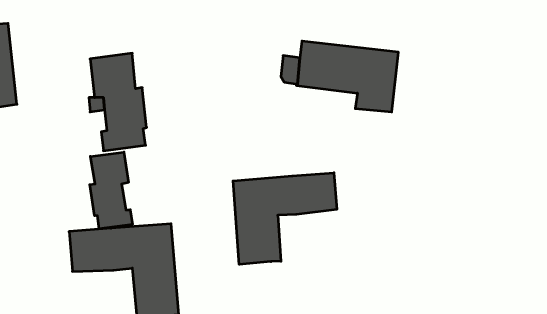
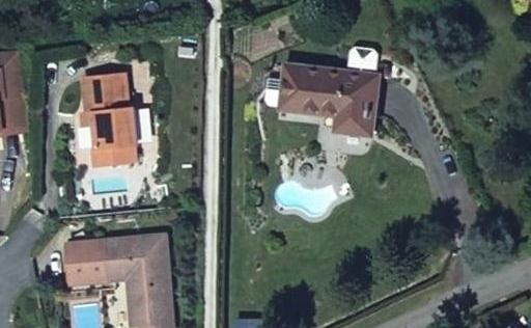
building: [90,152,132,229] -> none
building: [233,173,337,264] -> none

